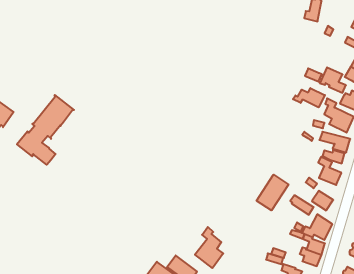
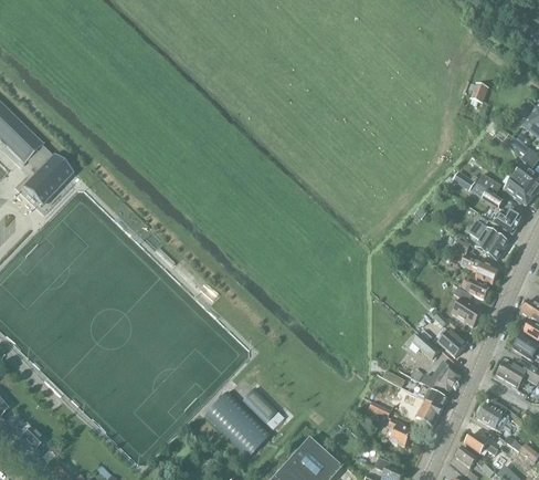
building: [293,88,325,107] -> none
building: [17,95,74,165] -> none
building: [257,175,288,210] -> none
building: [195,227,223,268] -> none

